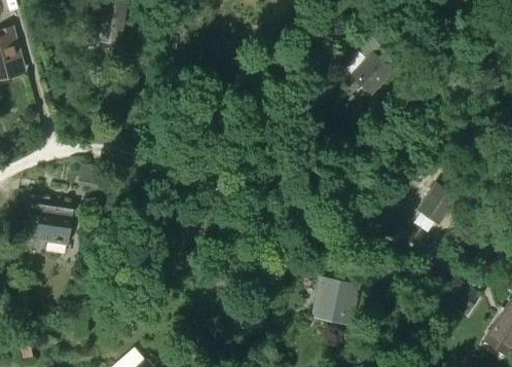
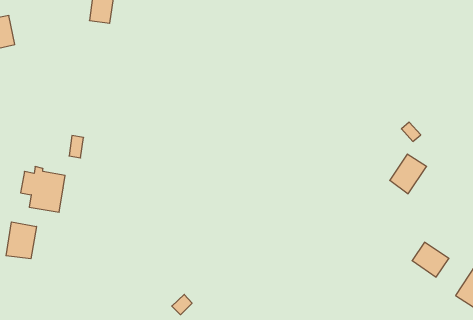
building: [350,39,392,98] -> none
building: none -> [6,222,36,259]
building: [312,280,358,321] -> none

